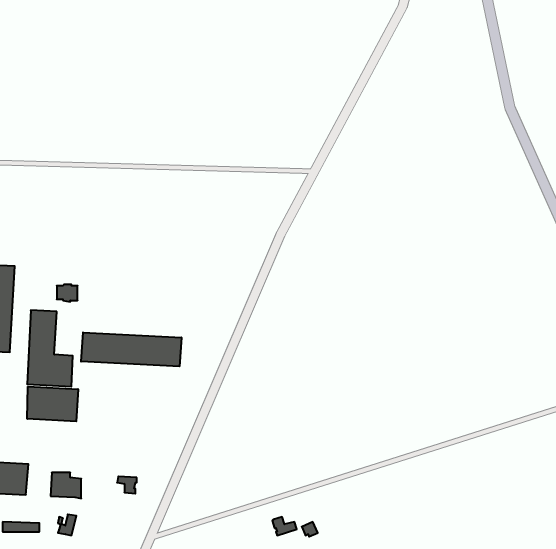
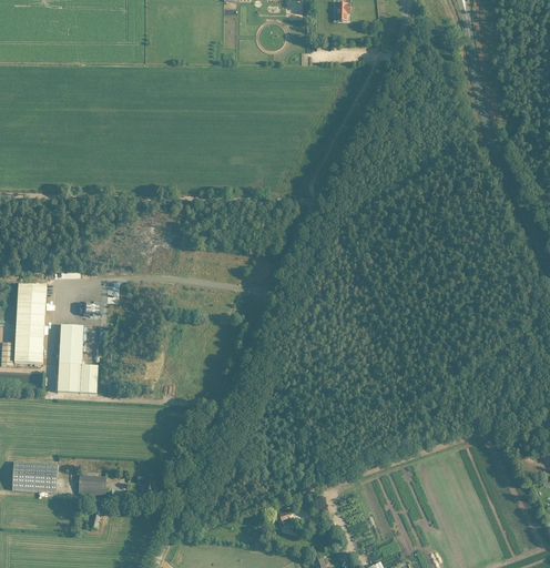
building: [81,332,181,366] -> none
building: [27,387,78,421] -> none

